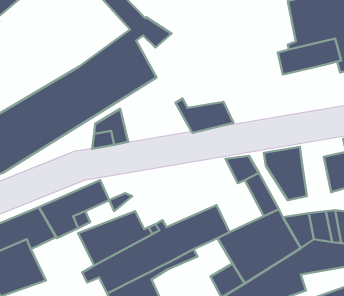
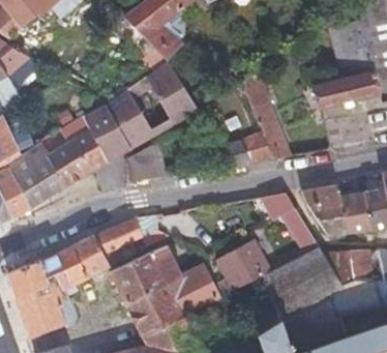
building: none -> [236,73,289,157]
building: none -> [341,193,371,233]

